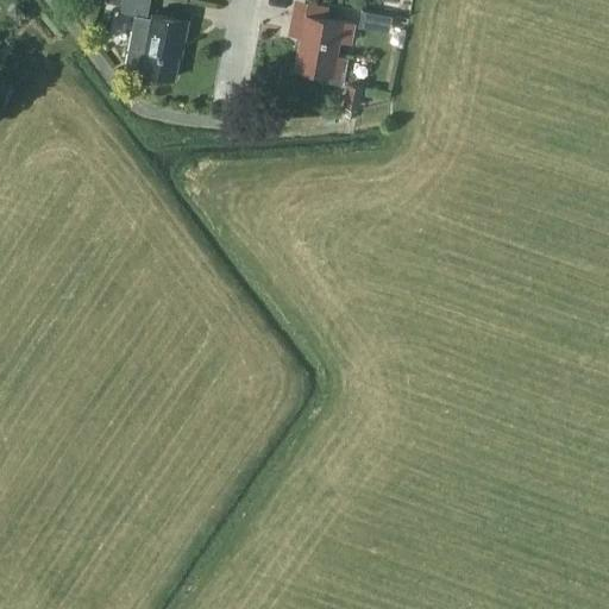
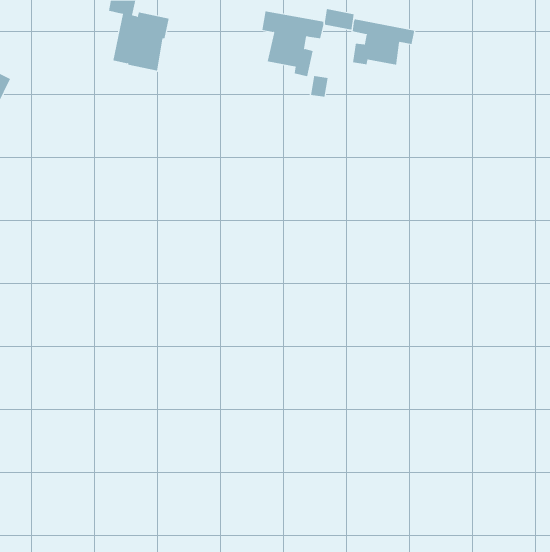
building: none -> [352,19,415,65]

